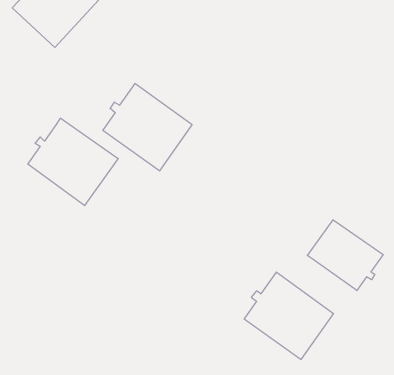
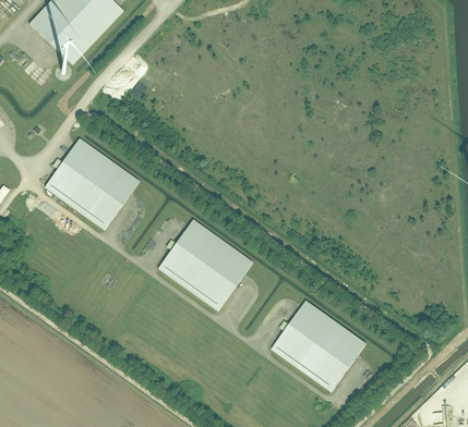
building: [103,83,192,171] -> [158,218,252,309]
building: [307,220,383,291] -> none

